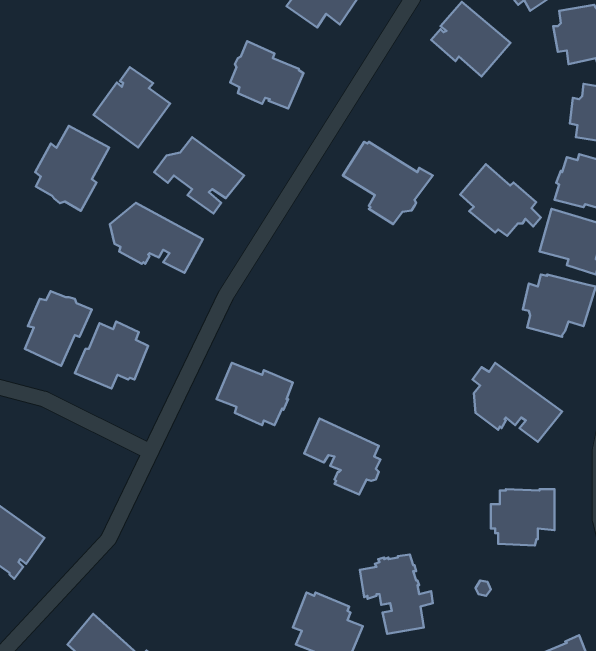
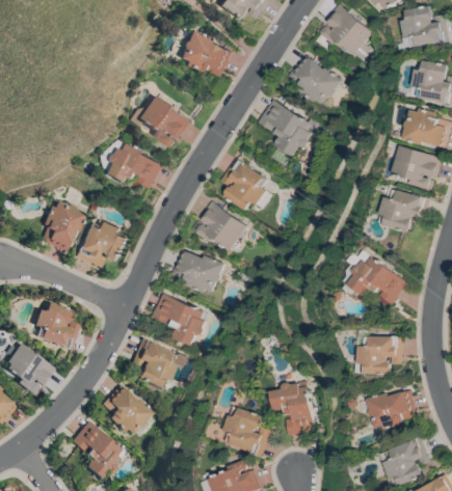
building: [94,67,170,148] -> none
building: [35,126,109,211] -> none
building: [460,164,541,236] -> [290,54,345,103]
building: none -> [221,157,273,209]
building: none -> [193,200,248,249]
building: [304,418,380,495] -> [153,293,205,345]
building: none -> [34,302,80,351]
building: none -> [132,337,185,388]
building: none -> [102,385,154,435]
building: none -> [367,389,418,430]

